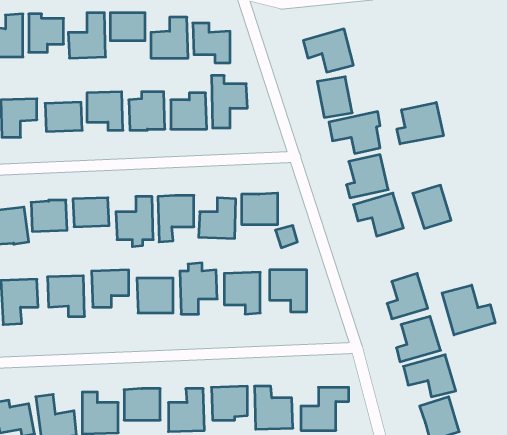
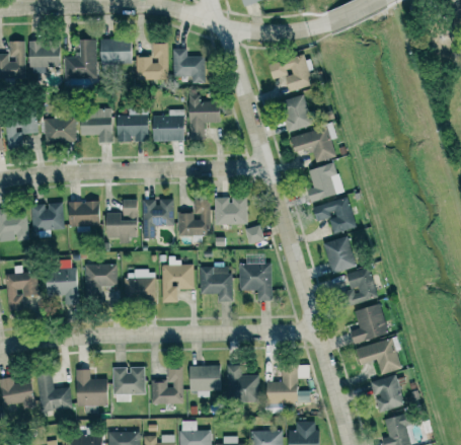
building: [397,102,443,144] -> none
building: [413,185,451,228] -> [322,236,356,274]
building: [442,285,495,335] -> none

